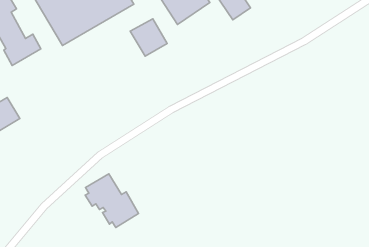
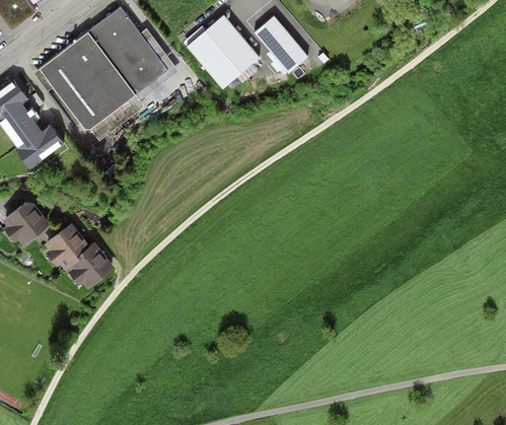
building: [130,19,167,56] -> none
building: [85,174,138,227] -> [45,223,113,287]

